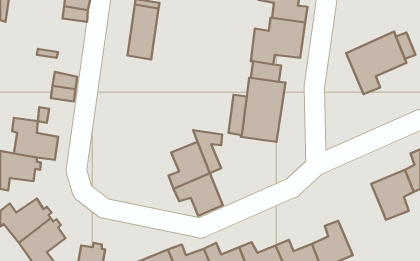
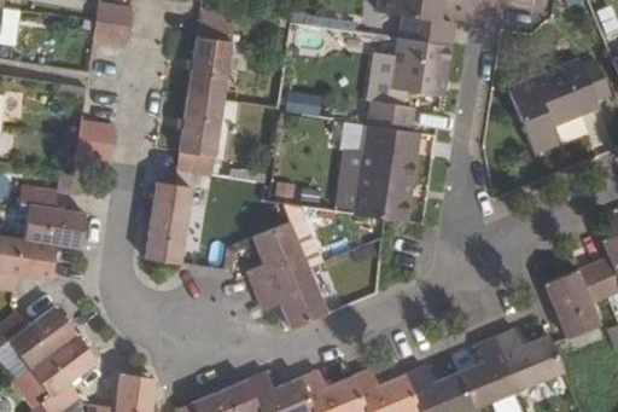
building: none -> [175,94,222,175]
building: none -> [144,184,192,263]
building: none -> [496,329,564,388]

